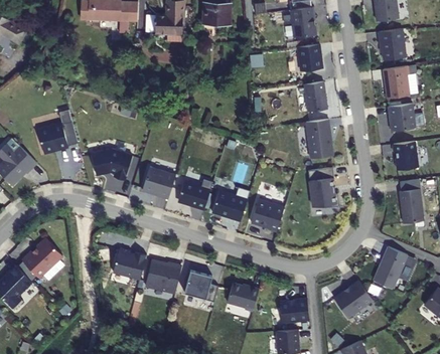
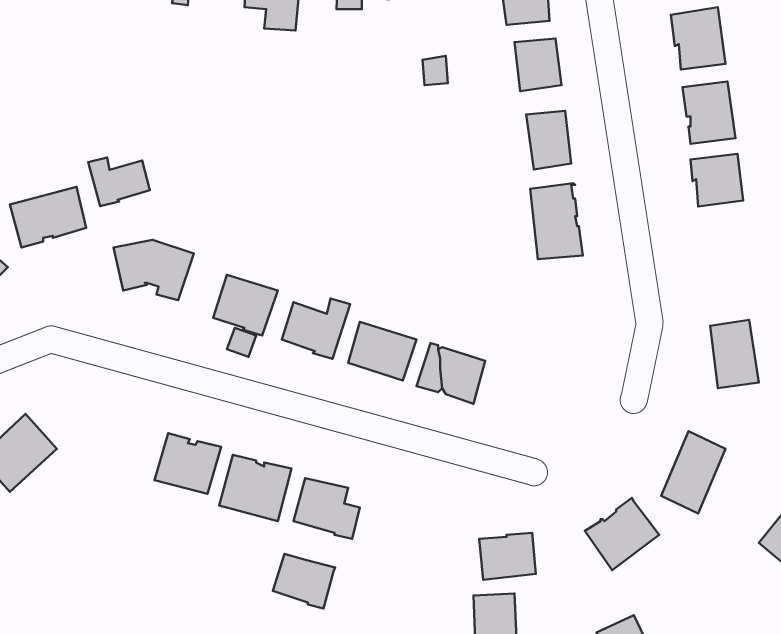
building: none -> [88,157,150,206]
building: [392,143,417,171] -> none
building: [307,168,338,209] -> none
building: [226,284,258,312] -> [273,554,335,609]

